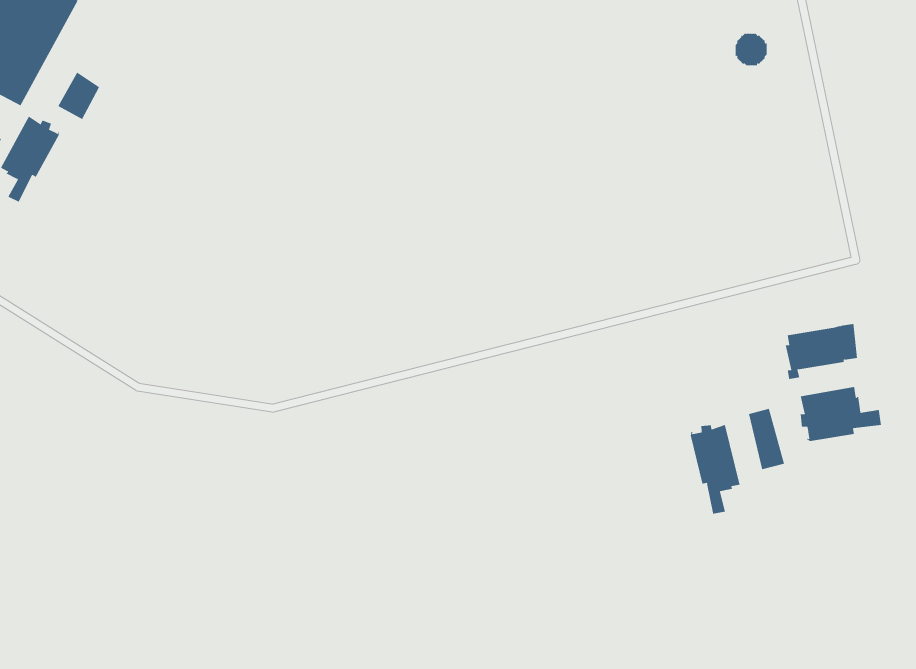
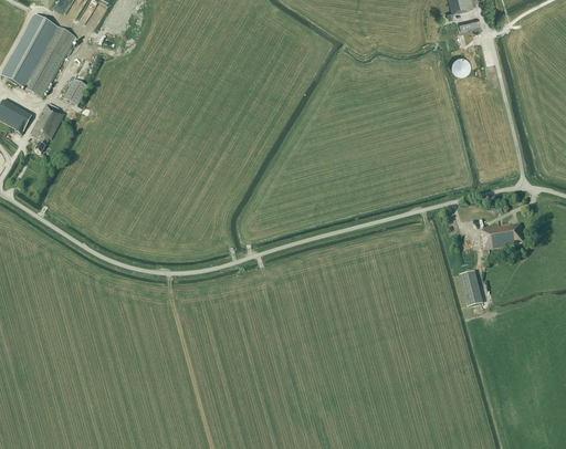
building: [800,386,882,442] -> none
building: [690,424,740,515] -> none

